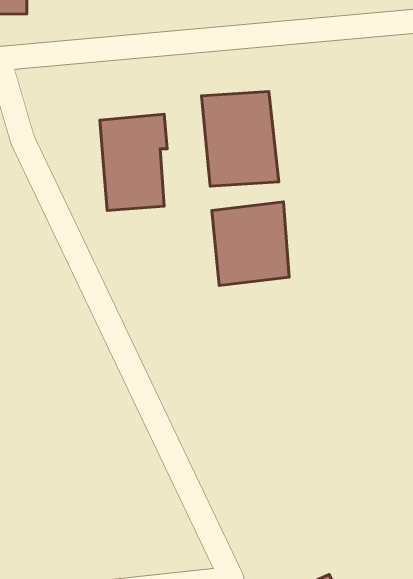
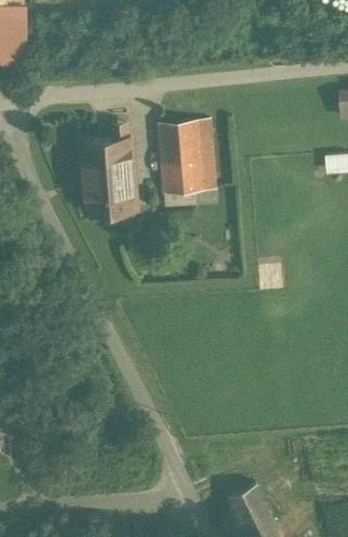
building: [212,202,289,286] -> none

